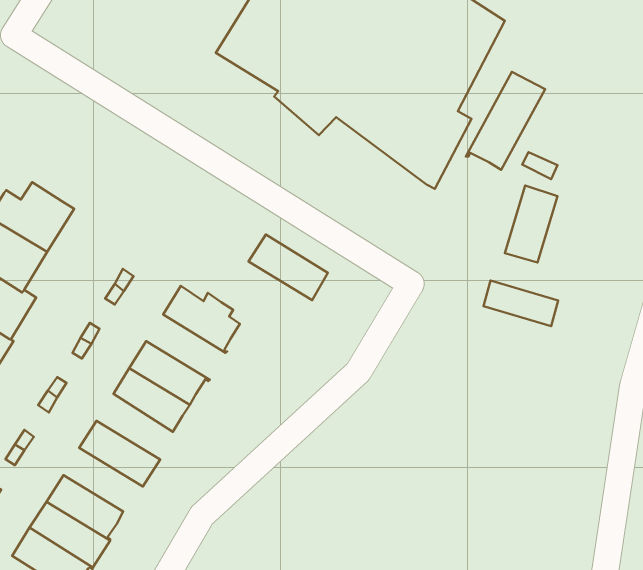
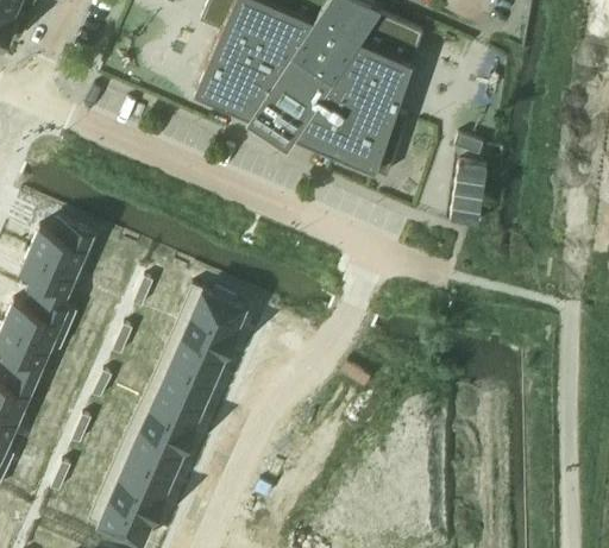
building: [466,72,545,170] -> none
building: [249,235,328,300] -> [169,313,234,360]
building: [483,280,558,326] -> none
building: none -> [138,383,201,430]
building: none -> [118,430,183,477]

